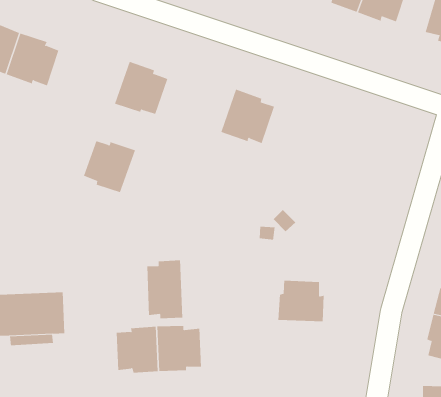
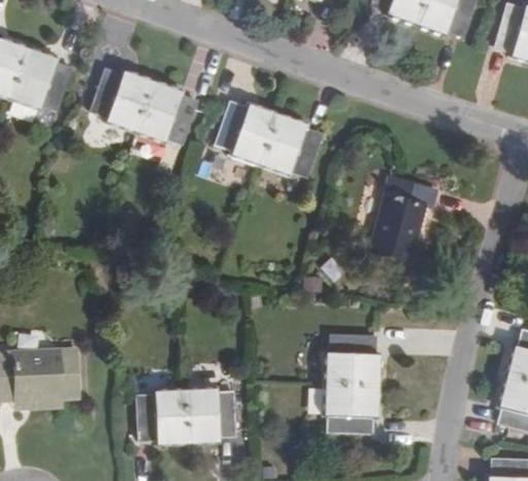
building: none -> [217,102,276,163]
building: [83,141,136,193] -> [92,69,153,130]
building: none -> [369,177,437,260]
building: [147,259,183,319] -> none
building: none -> [324,382,378,434]

